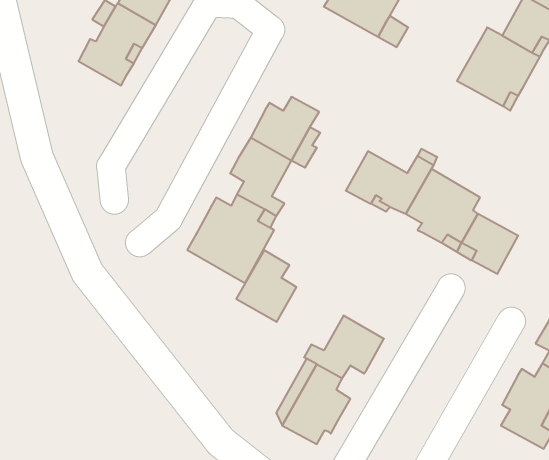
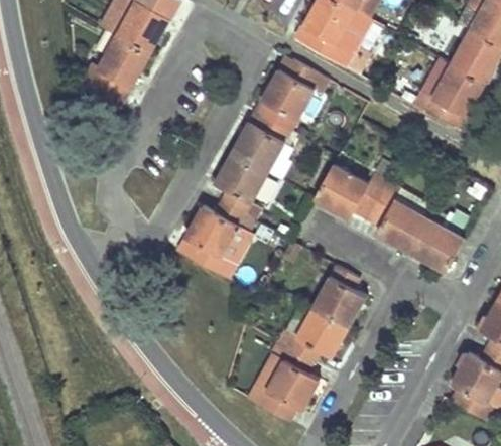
building: none -> [260,54,328,130]
building: [236,250,296,322] -> [312,265,365,327]

